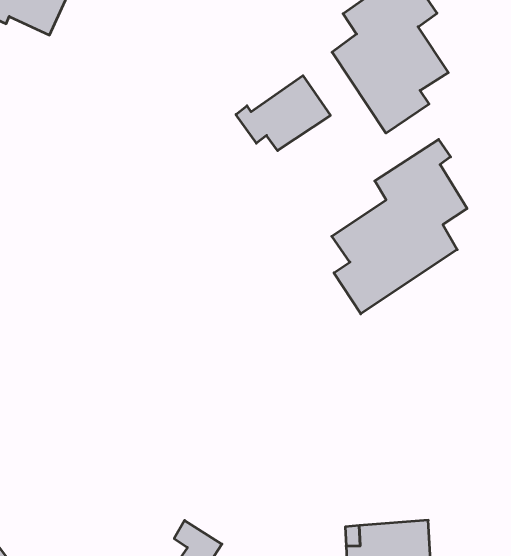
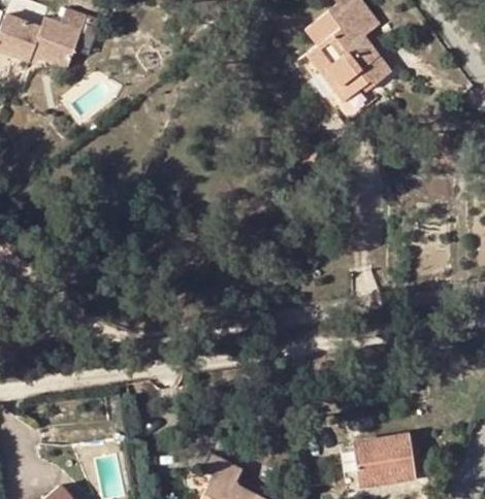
building: [236,76,330,151] -> none
building: [332,139,467,314] -> none

